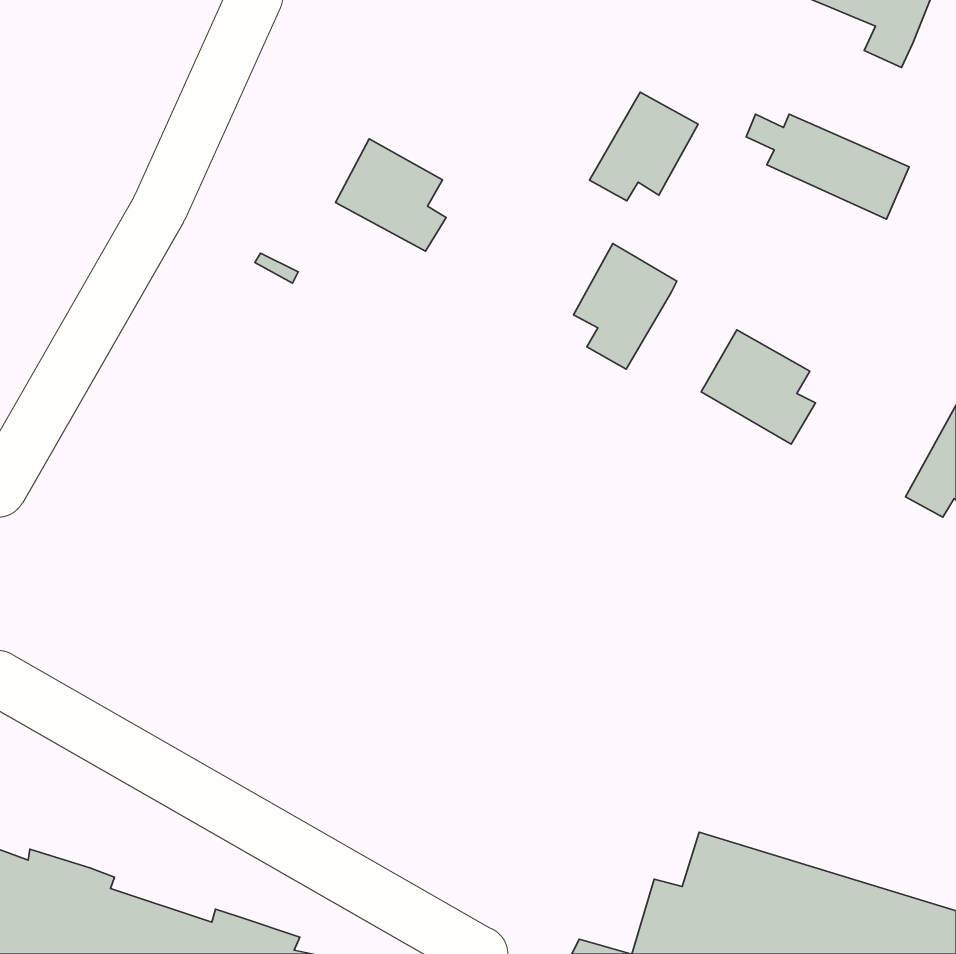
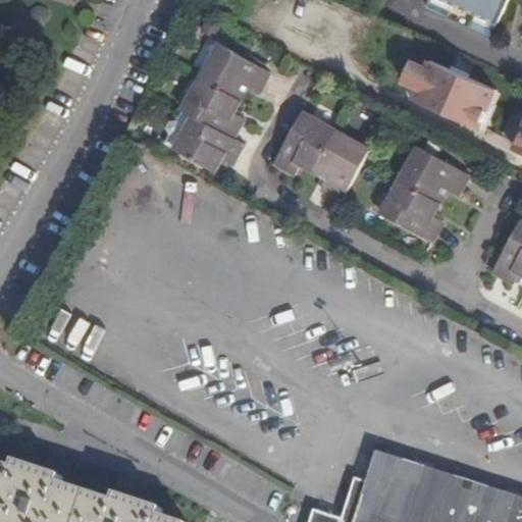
building: none -> [201,44,268,98]
building: [589,92,698,201] -> [274,115,333,174]
building: none -> [161,108,243,171]
building: none -> [401,147,469,202]

